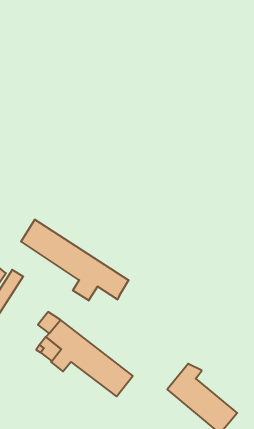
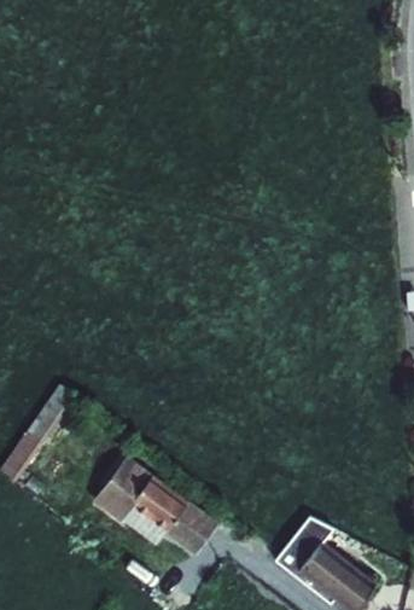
building: [21,219,129,301] -> none

